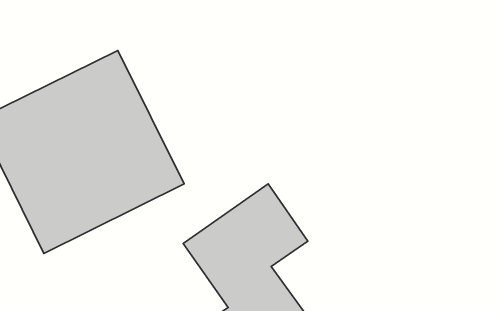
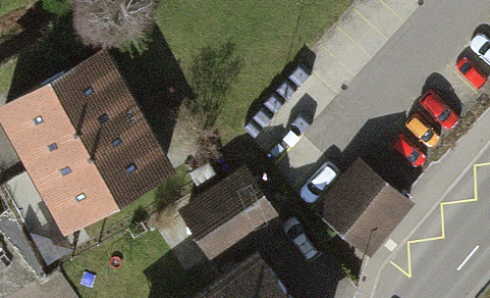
building: none -> [336,169,425,257]

